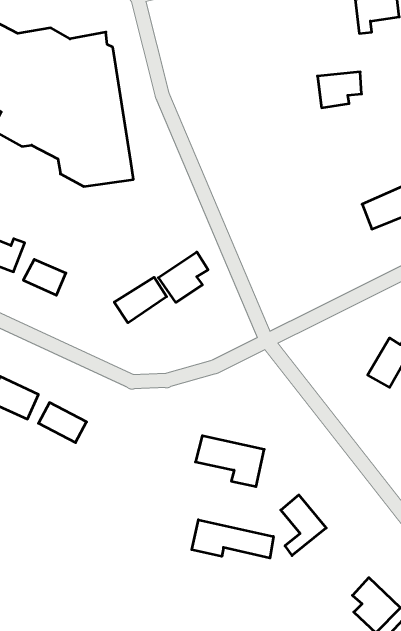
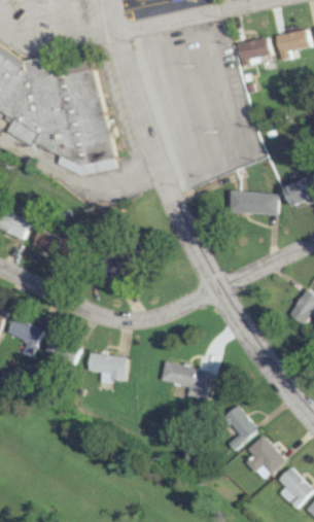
building: [317,72,362,108] -> [239,39,272,66]
building: none -> [231,192,278,213]
building: [158,252,208,302] -> none
building: none -> [86,353,126,382]
building: [192,520,273,558] -> none
building: none -> [245,434,285,481]

